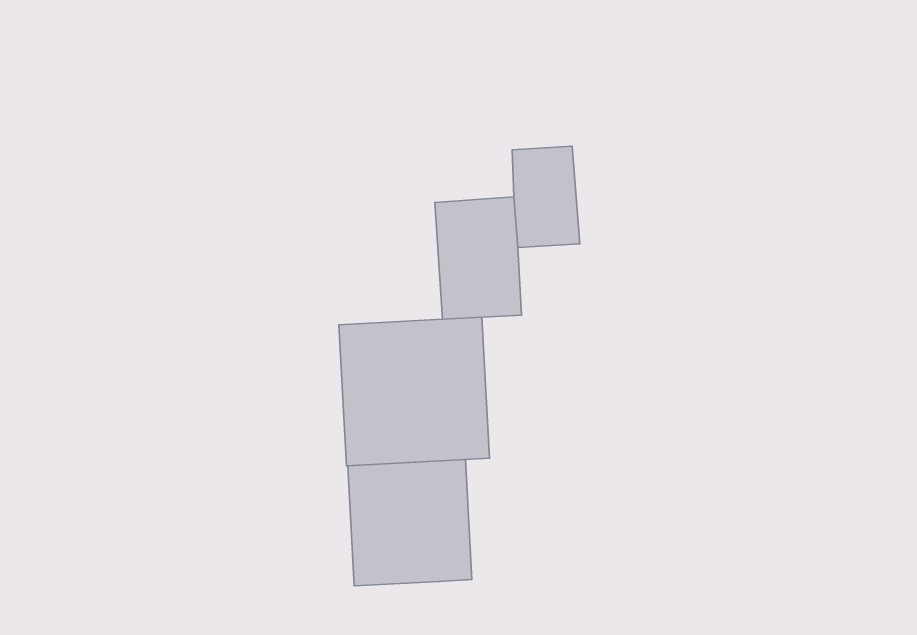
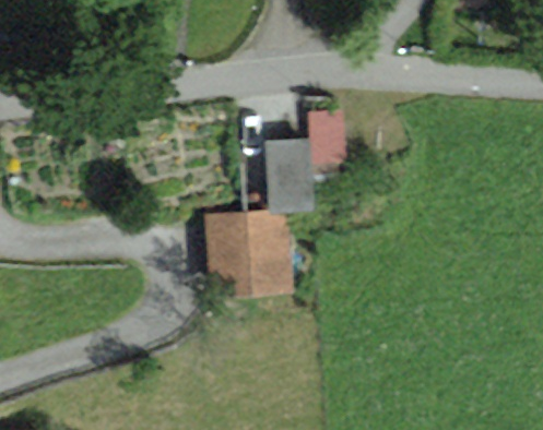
building: [348,460,472,586] -> none

